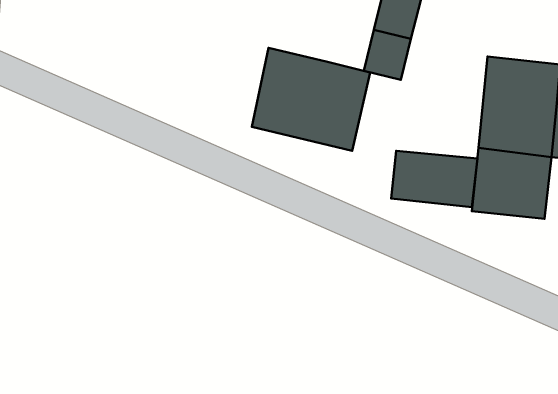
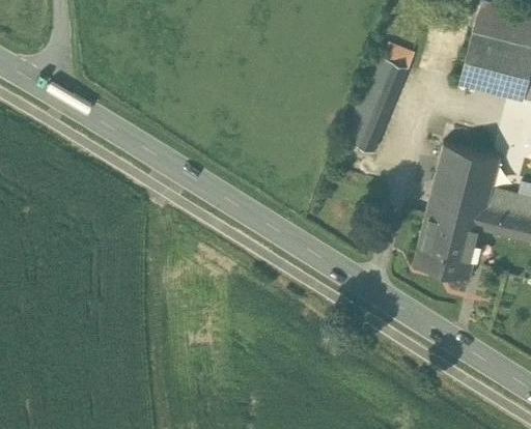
building: [252,48,370,151] -> none
building: [391,151,477,207] -> none

